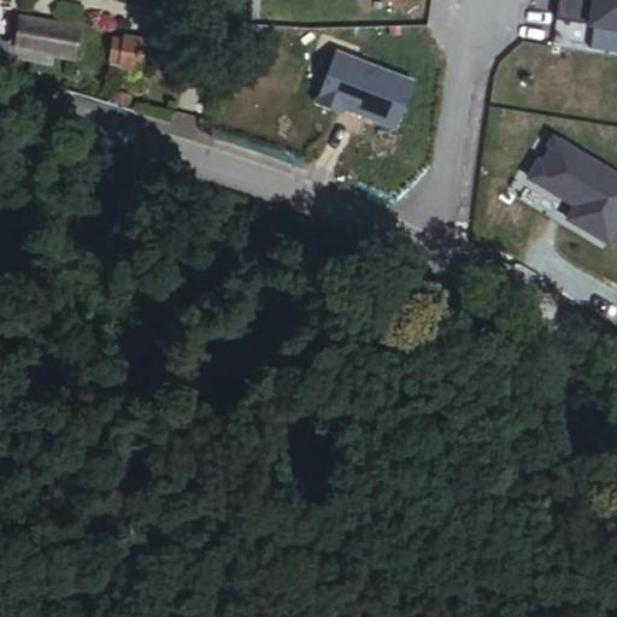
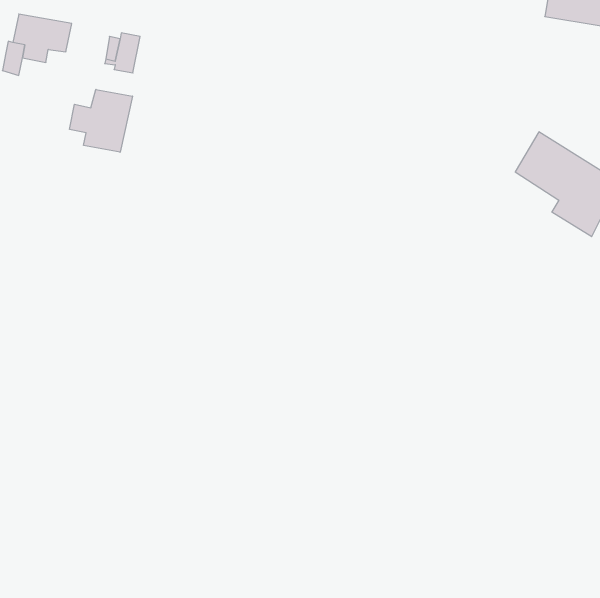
building: [316,49,413,127] -> none
building: none -> [70,89,132,152]

